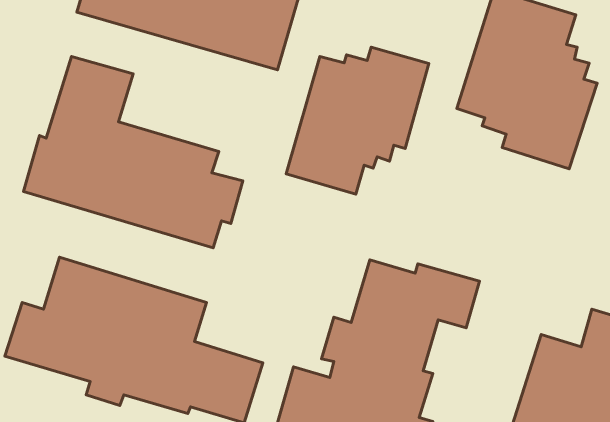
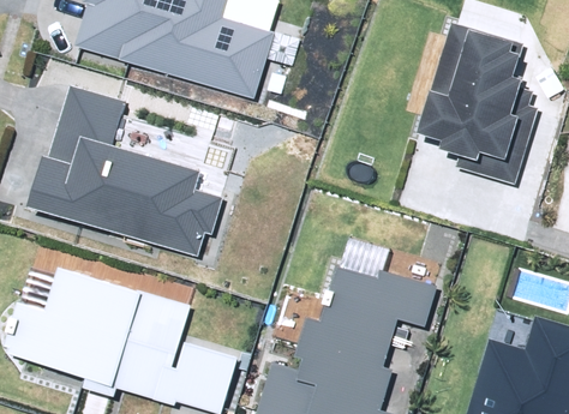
building: [286,47,429,194] -> none

